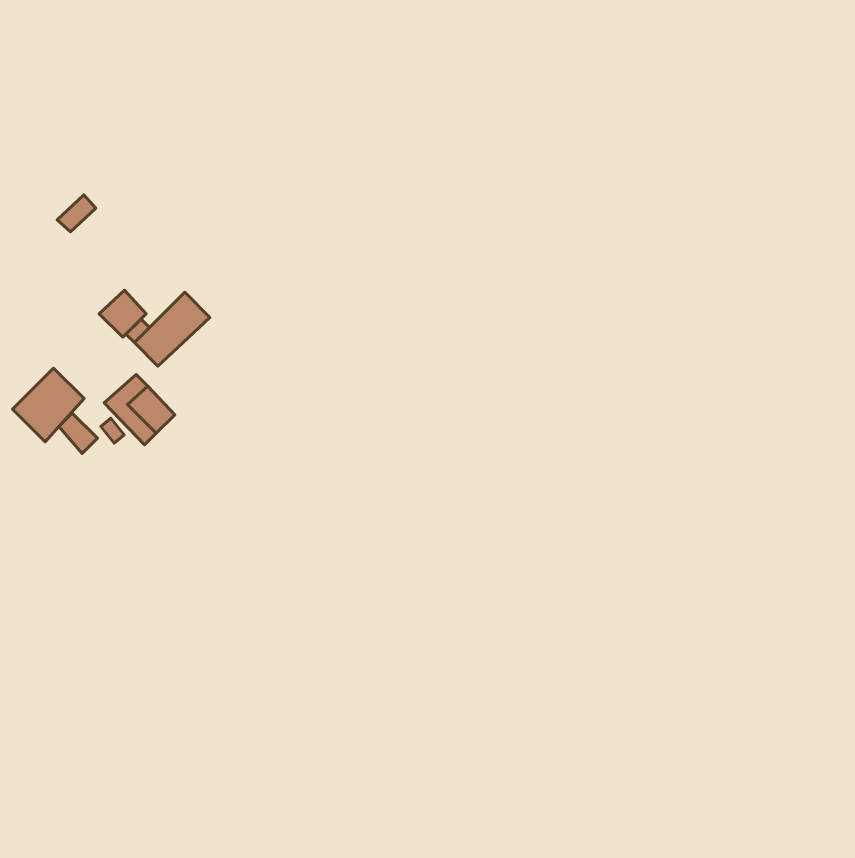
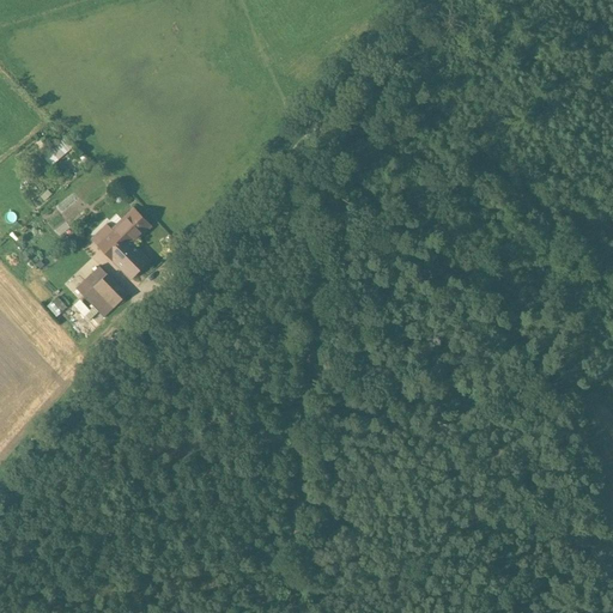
building: [99,290,146,337] -> [113,244,146,278]
building: [13,368,84,442] -> none

